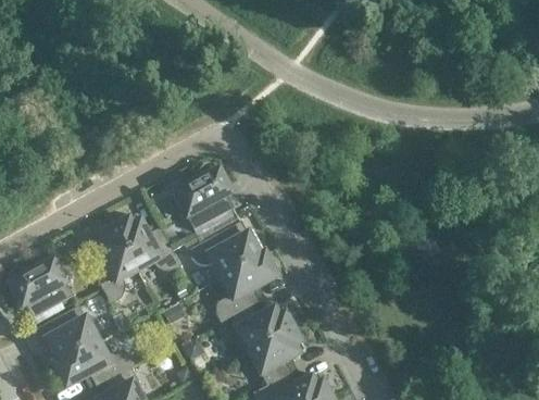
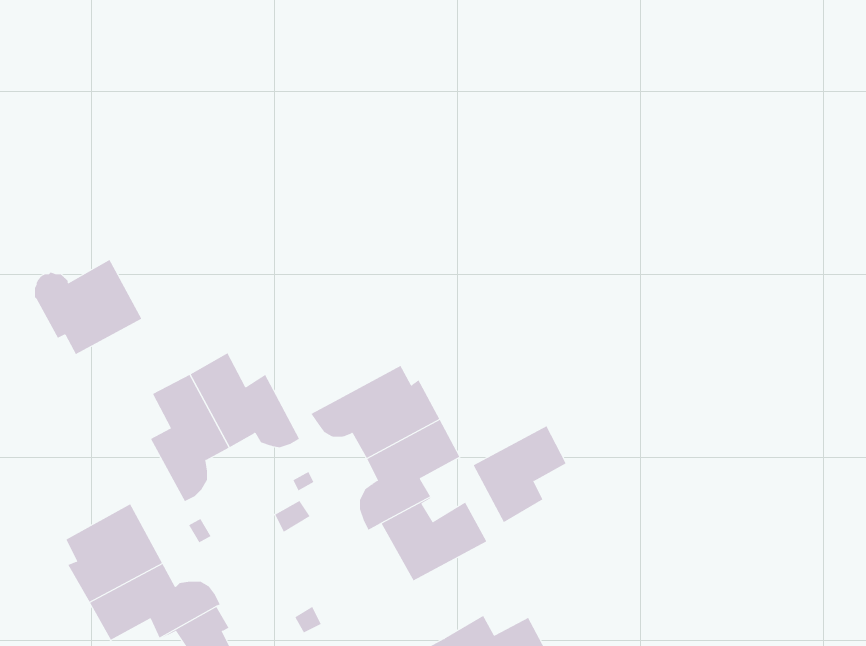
building: [175,164,235,229] -> none
building: [9,260,74,317] -> [34,259,142,355]
building: [250,328,306,387] -> [473,426,567,523]

